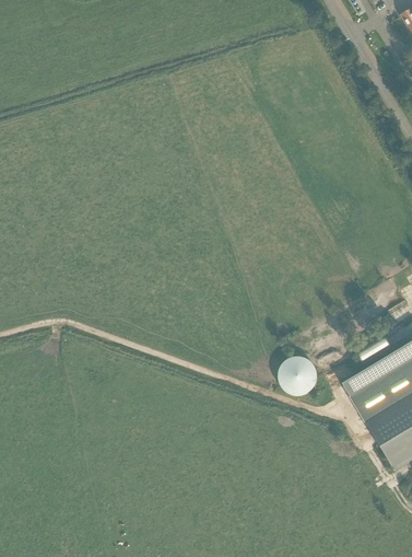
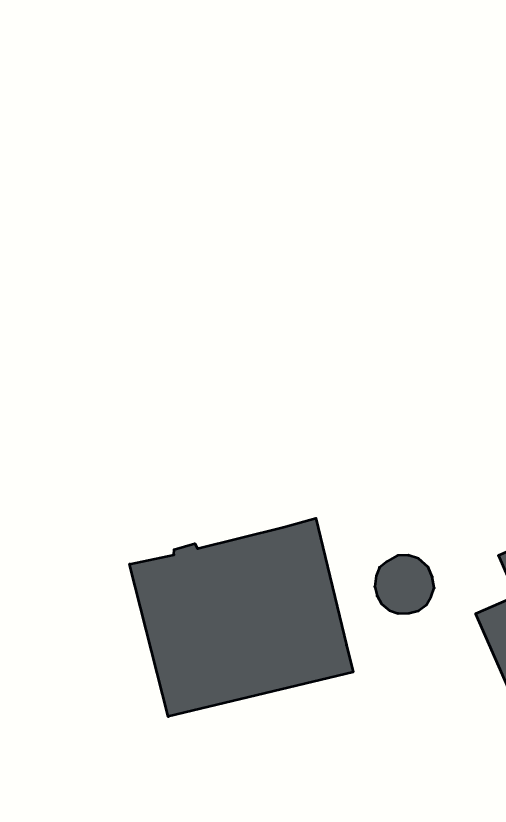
building: none -> [130,518,353,717]

